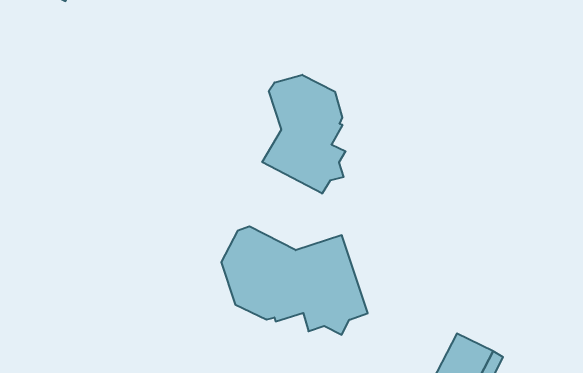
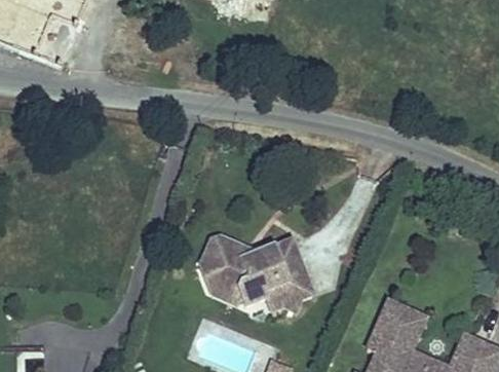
building: [262,75,346,194] -> none

